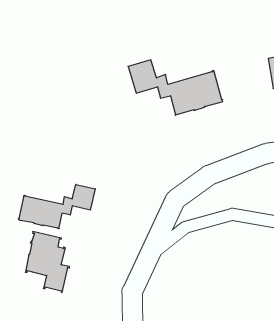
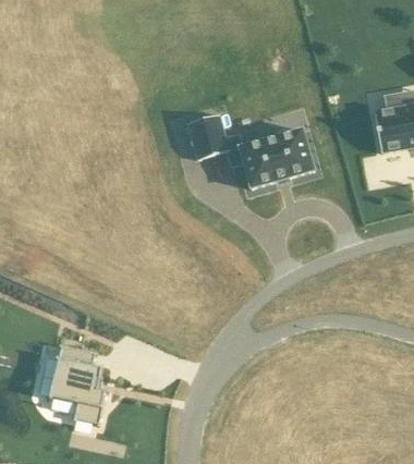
building: [19,184,95,229] -> none

